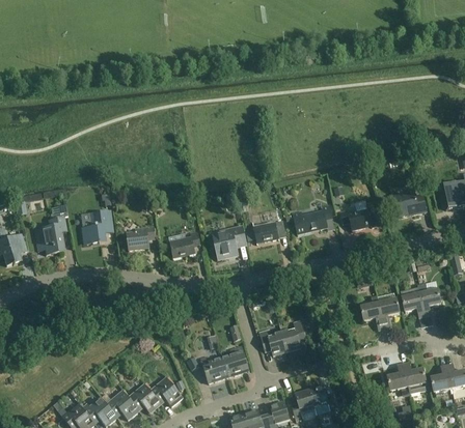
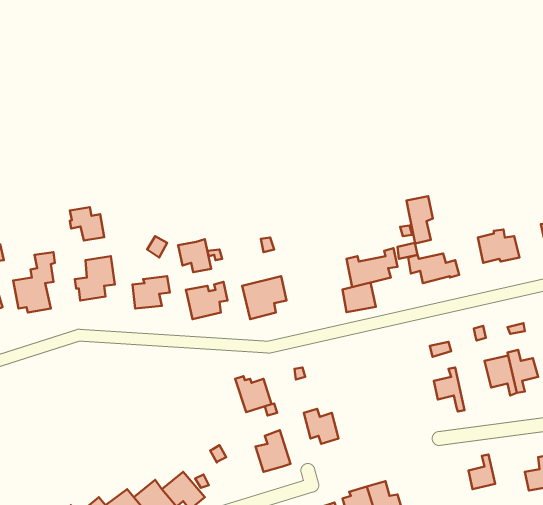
building: none -> [407,196,433,244]
building: none -> [70,207,104,240]
building: none -> [178,239,211,272]
building: [253,221,279,244] -> [342,283,376,312]
building: [377,292,400,330] -> none
building: [281,320,305,351] -> none
building: [200,355,228,383] -> [235,376,271,412]
building: [403,362,428,394] -> none

